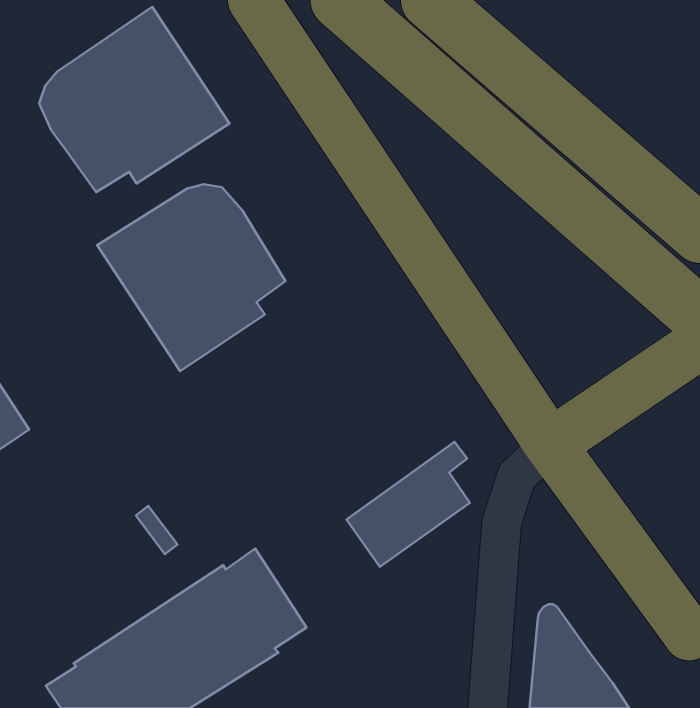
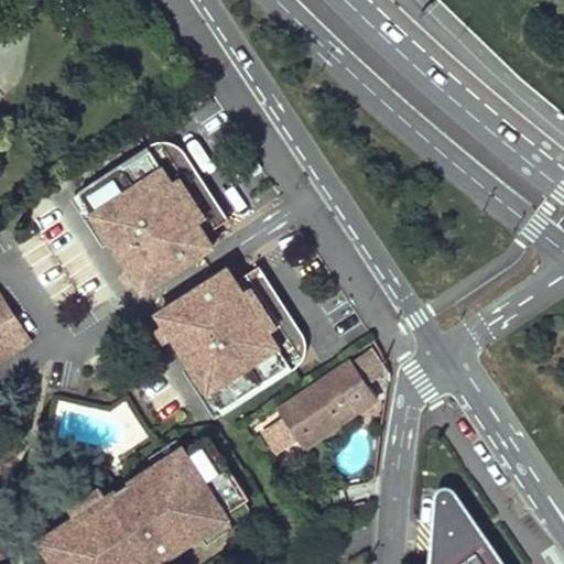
building: [39,7,229,192] -> none
building: none -> [158,271,305,420]

